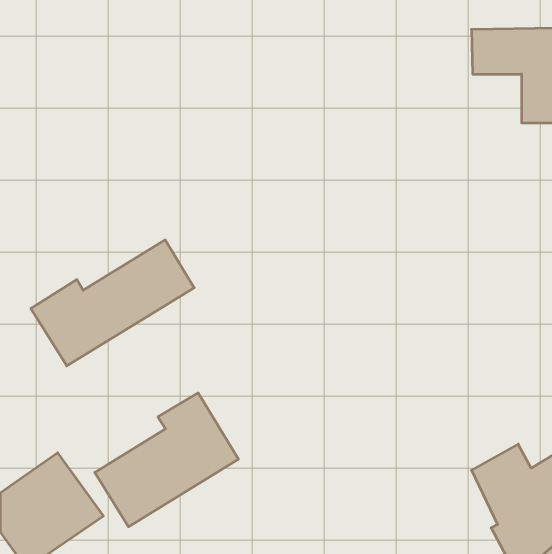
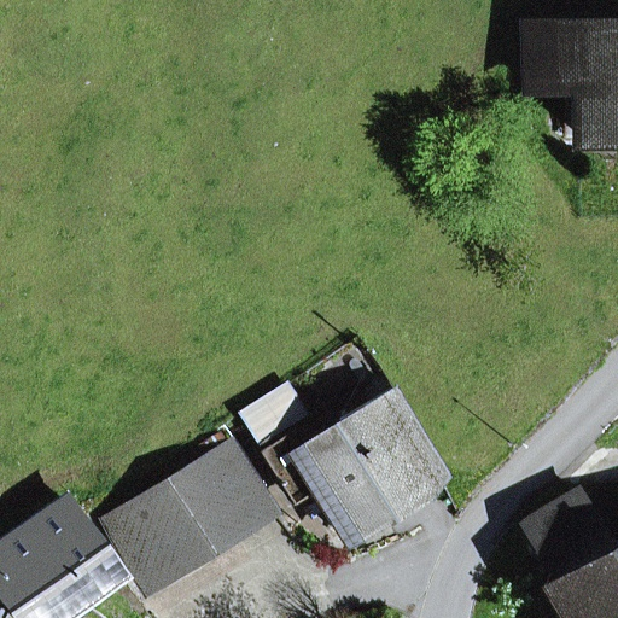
building: [31,240,194,366] -> none
building: none -> [268,397,445,538]

